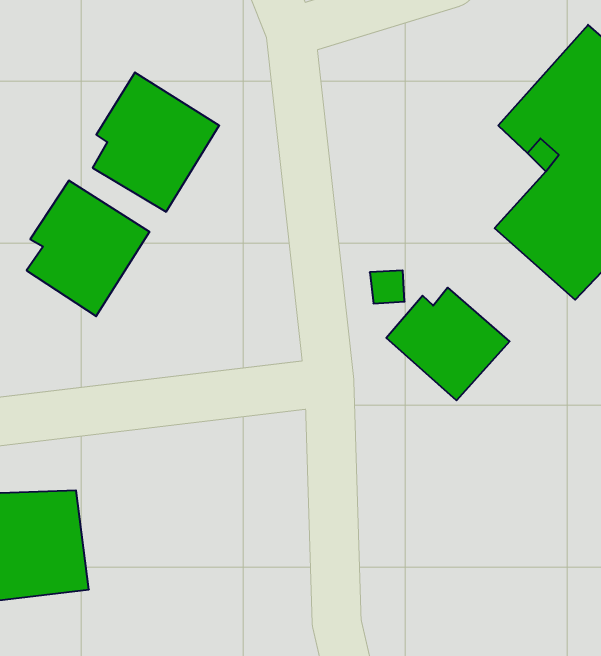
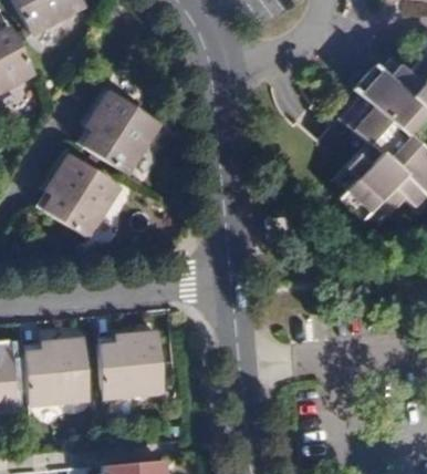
building: [386,288,510,400] -> none
building: none -> [96,336,162,401]

